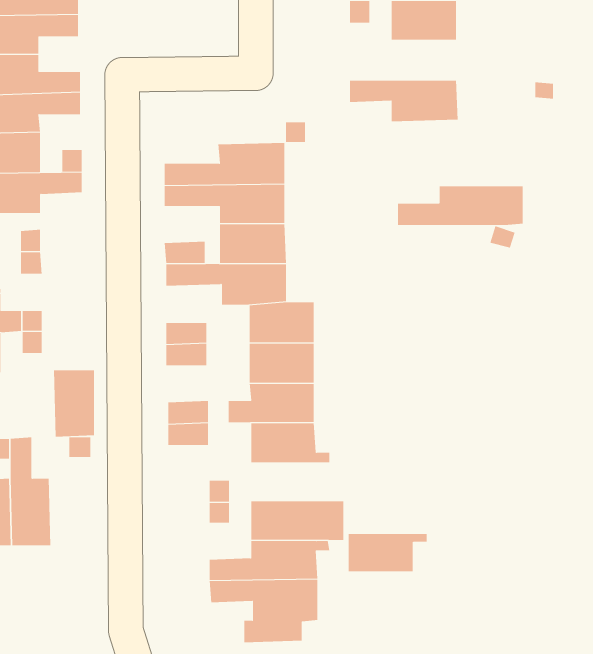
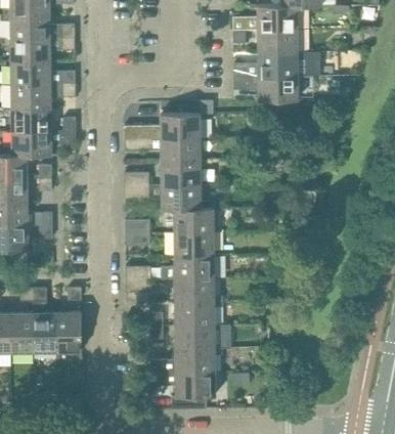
building: [397,186,524,226] -> [234,52,309,76]
building: [53,370,95,437] -> [57,311,82,351]
building: [348,534,427,572] -> [176,302,223,324]

